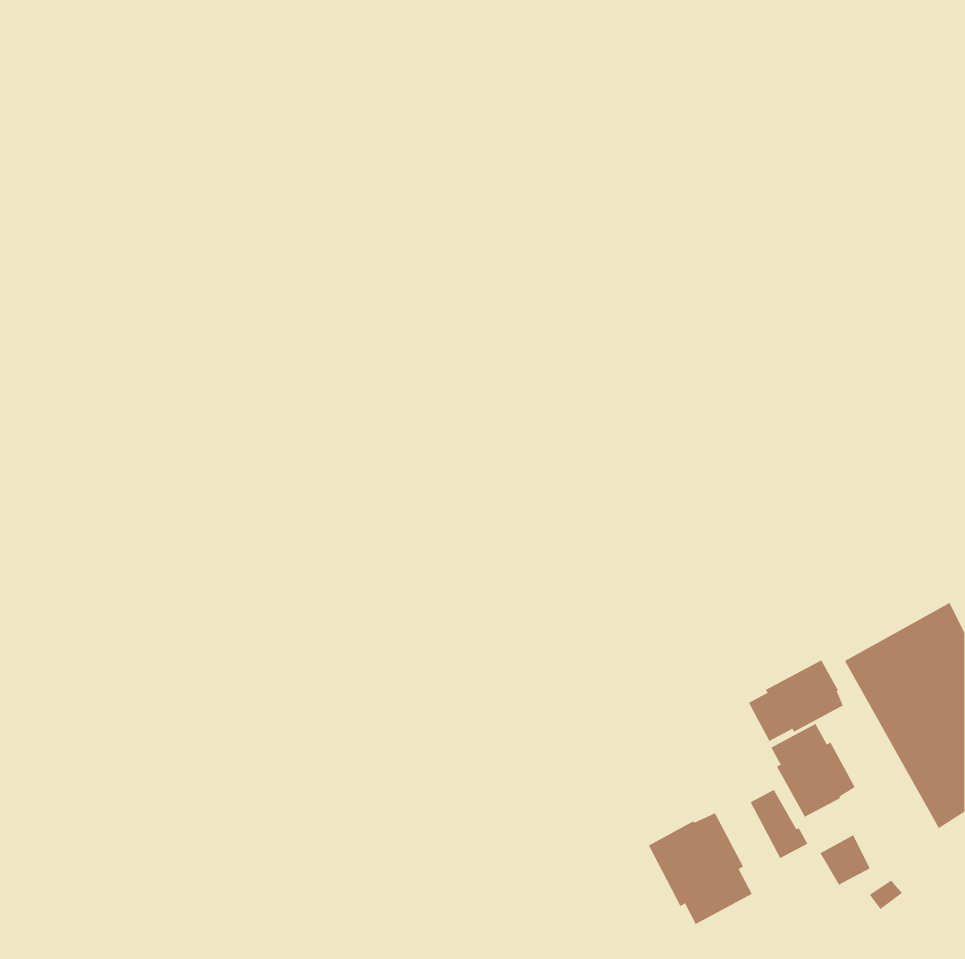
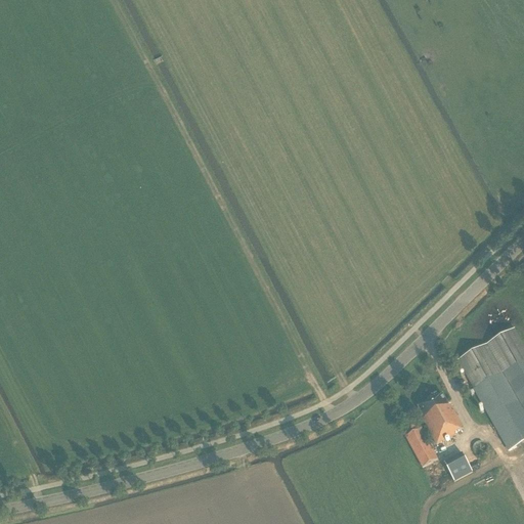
building: [748,660,844,742] -> none
building: [648,813,753,925] -> none

